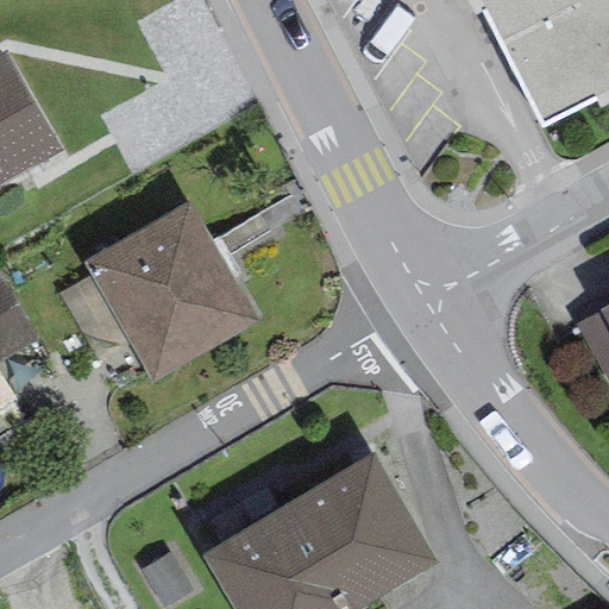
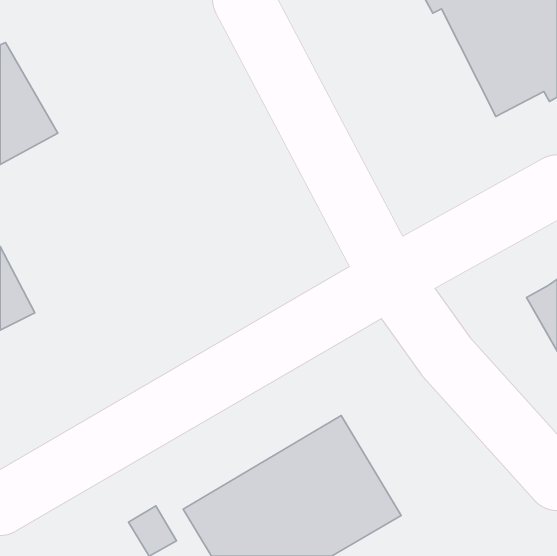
building: [82,202,257,382] -> none

